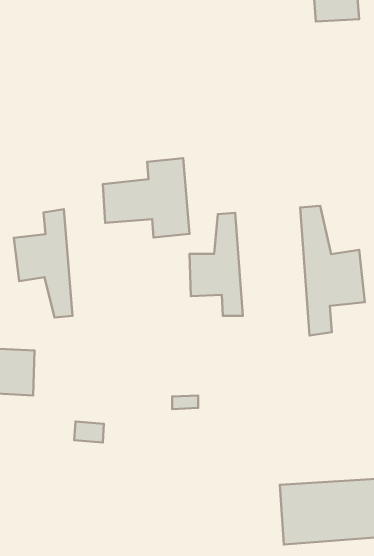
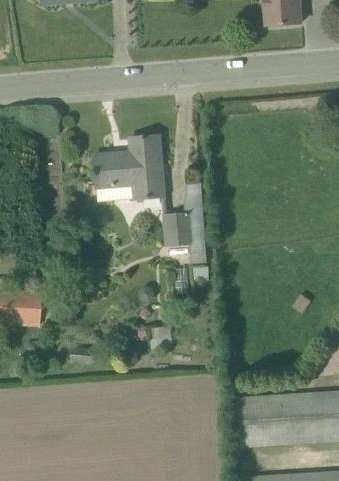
building: [300,206,365,336] -> none
building: [14,209,72,317] -> none

